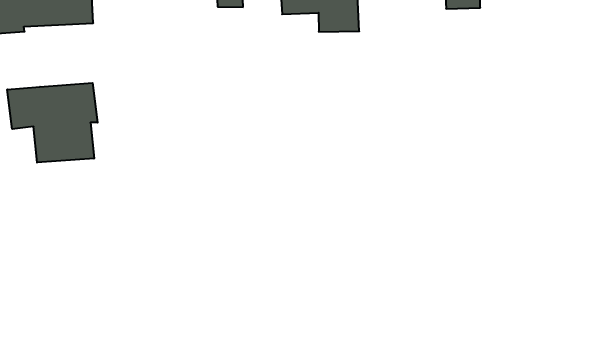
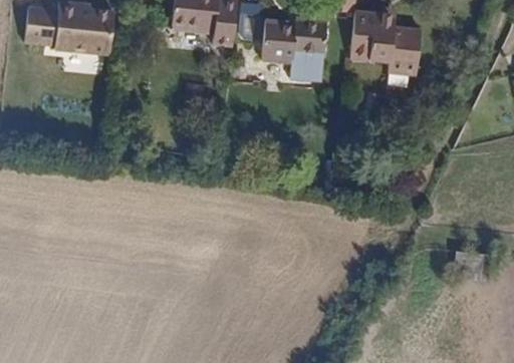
building: [7,83,98,163] -> none

